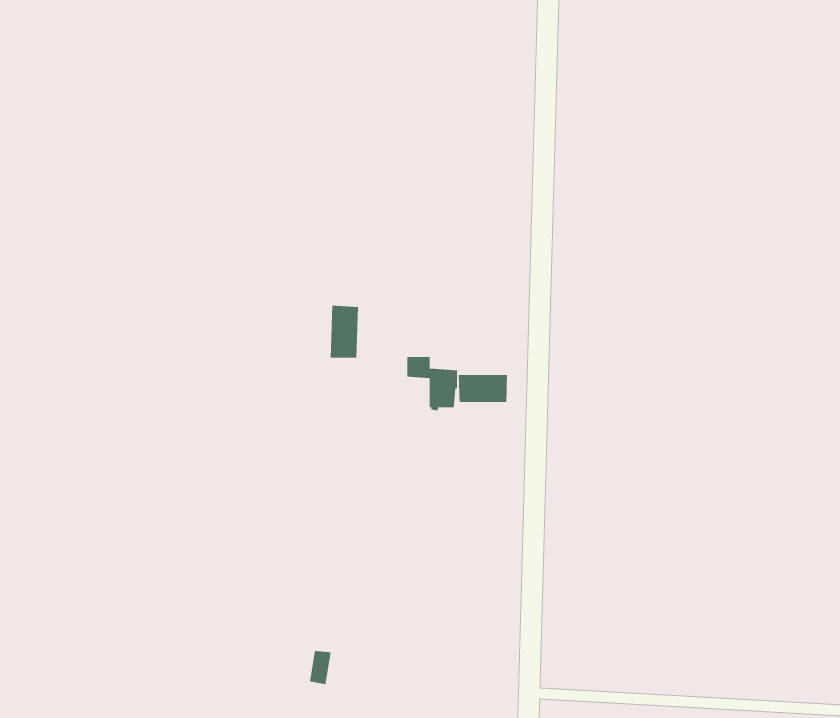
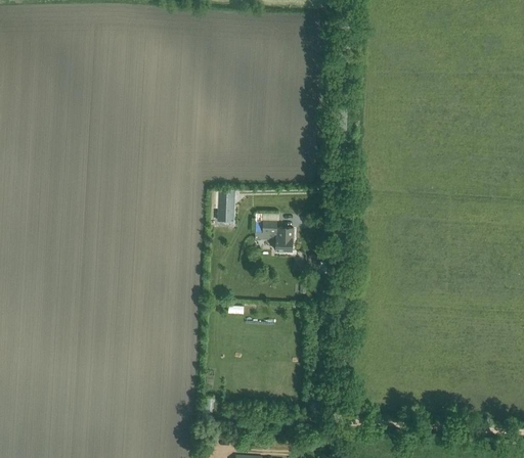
building: [458,374,508,403] -> none

